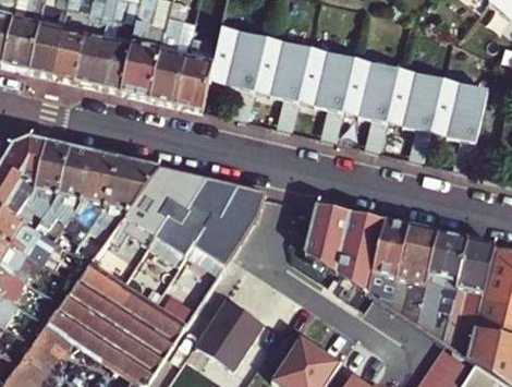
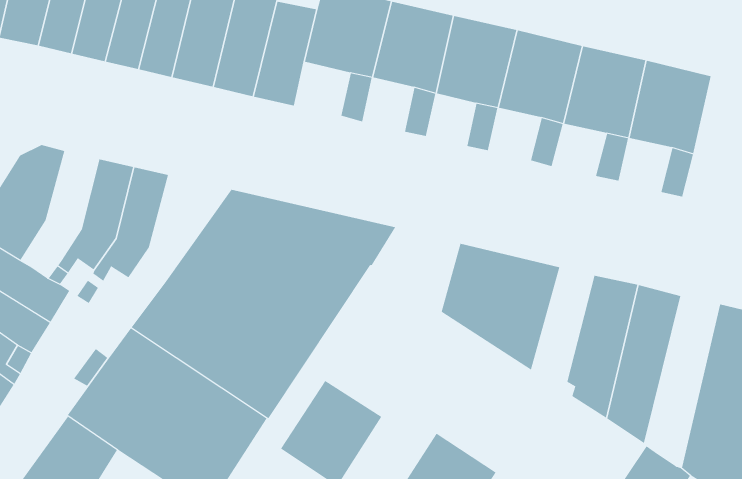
building: [16,141,70,220] -> none
building: [89,157,160,234] -> none
building: [366,220,409,309] -> none
building: [443,240,495,358] -> none

